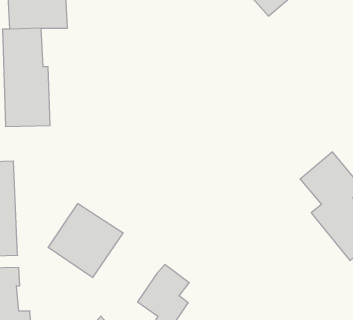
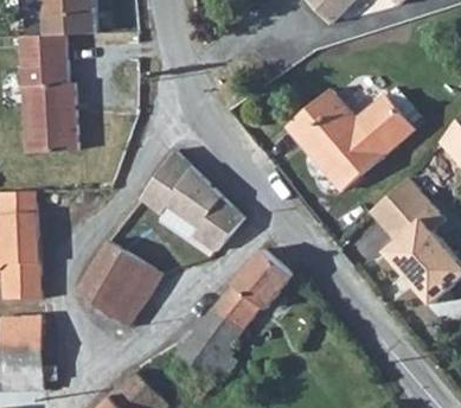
building: none -> [281,89,408,190]
building: none -> [142,149,243,249]
building: none -> [210,250,290,333]

